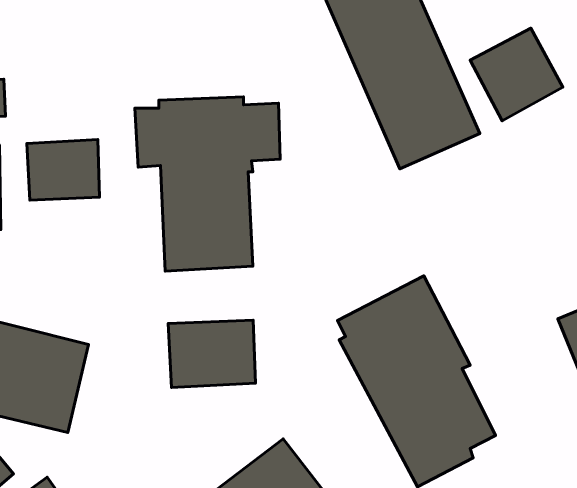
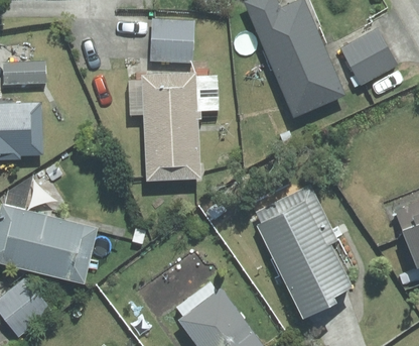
building: none -> [149,19,193,64]
building: [27,140,99,200] -> none
building: [168,320,256,388] -> none

